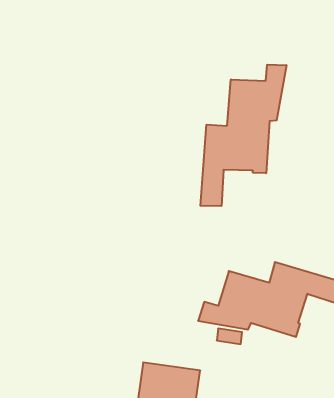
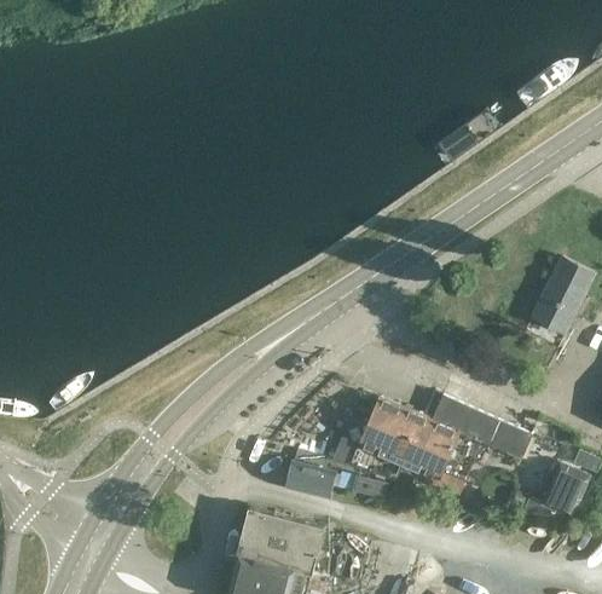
building: [200,65,286,206] -> none
building: none -> [285,461,332,494]

